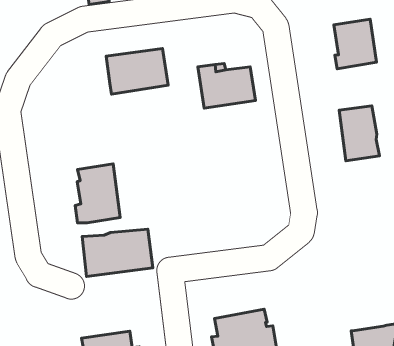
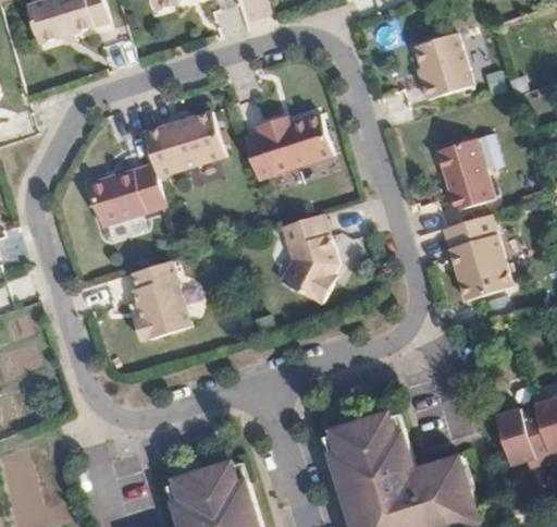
building: none -> [86,163,165,225]
building: none -> [278,215,336,304]
building: none -> [443,212,515,299]
building: [82,229,153,277] -> none

